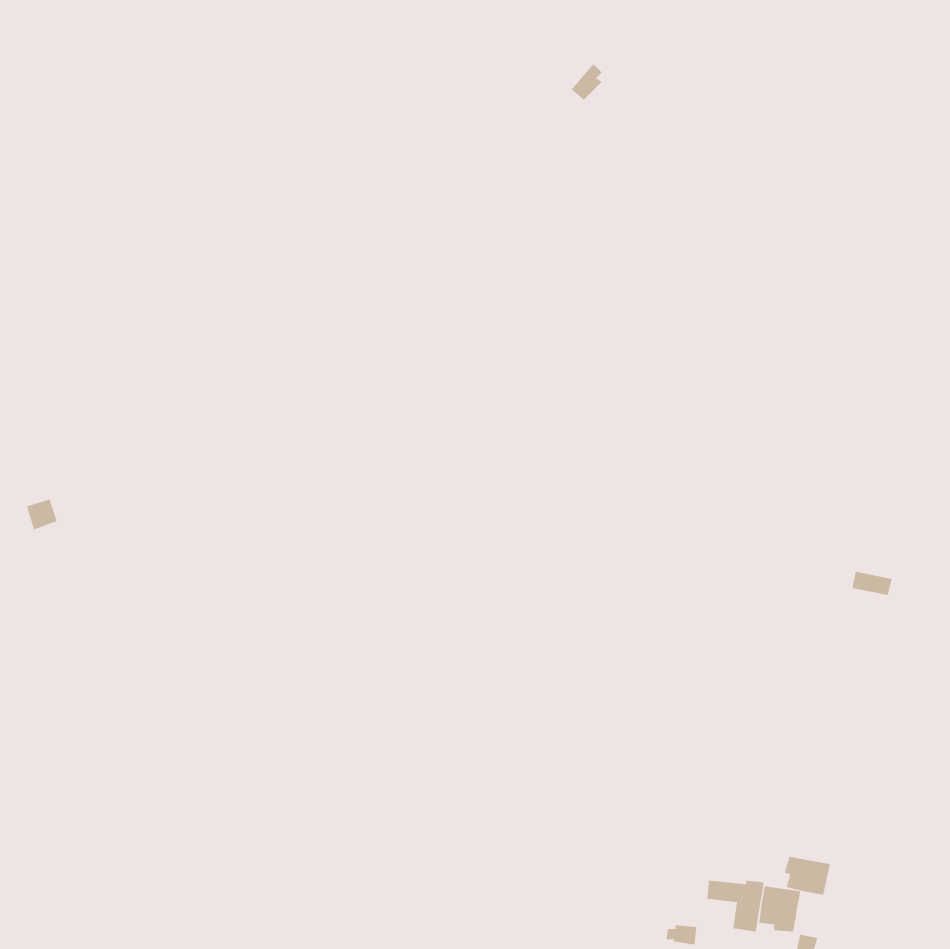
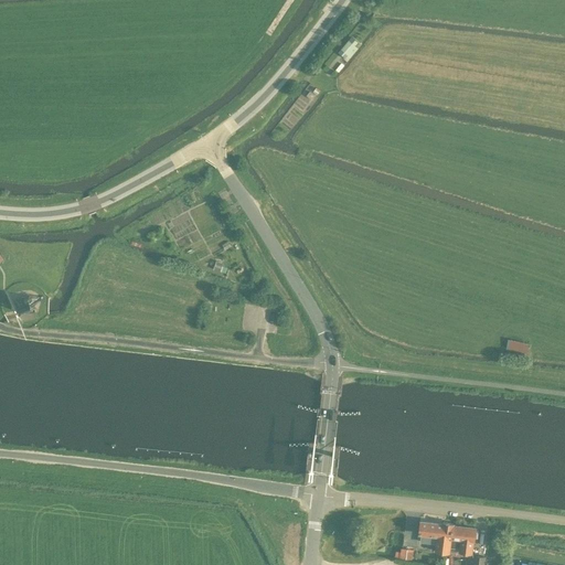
building: [784,856,831,895] -> none

